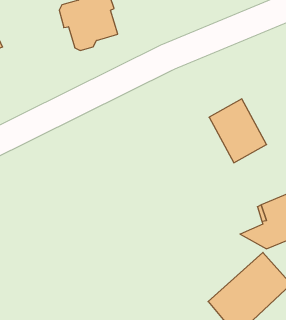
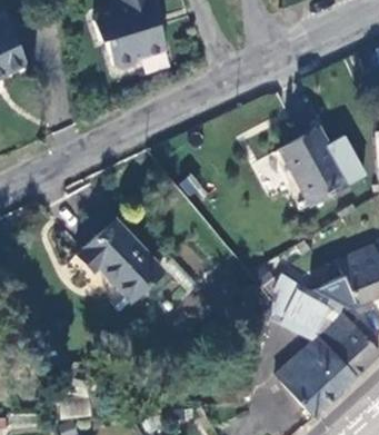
building: none -> [79,218,163,299]
building: none -> [271,275,329,330]

